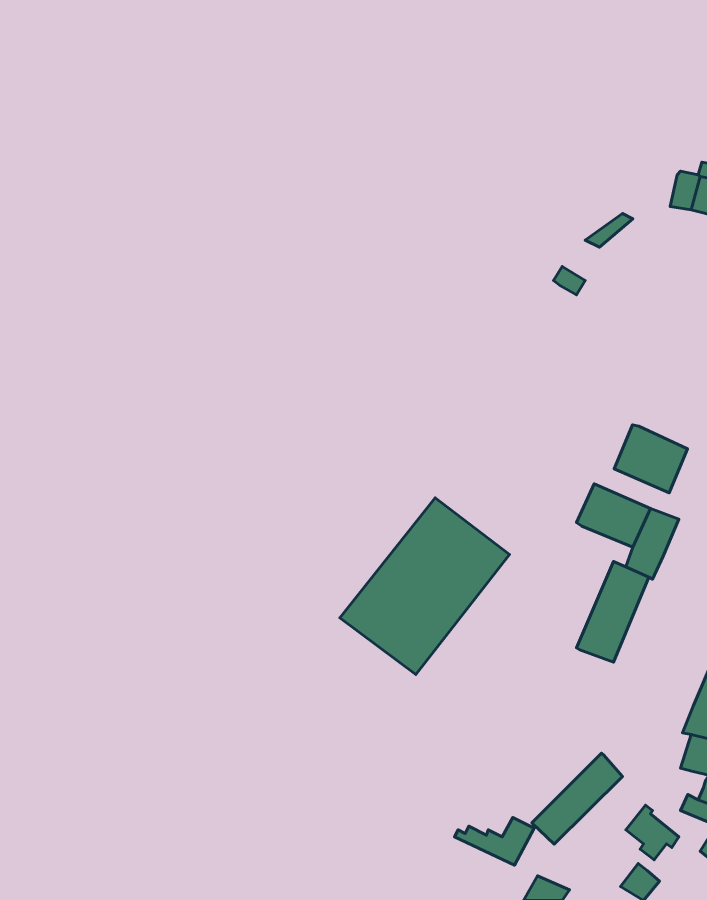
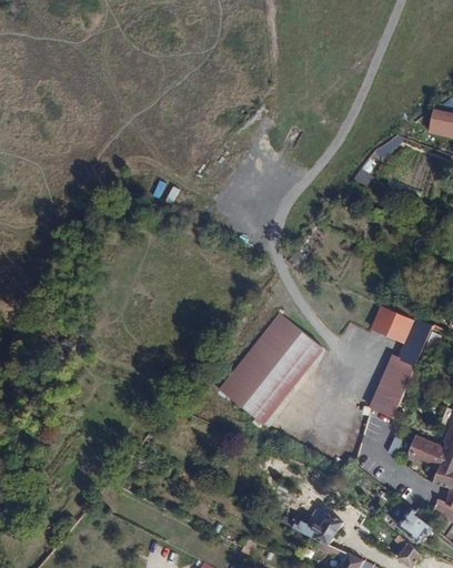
building: [614,425,688,493] -> none
building: none -> [407,435,441,460]
building: [532,753,623,844] -> none

